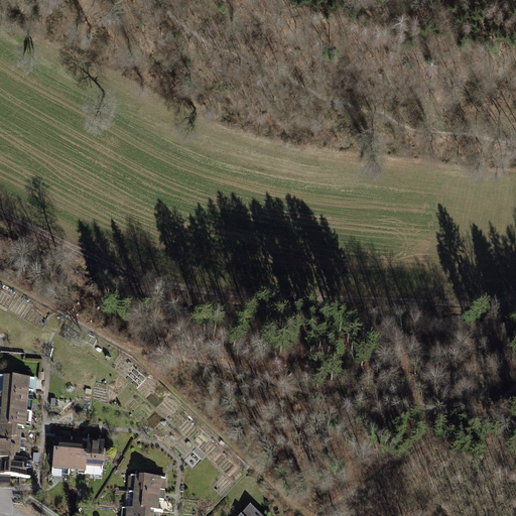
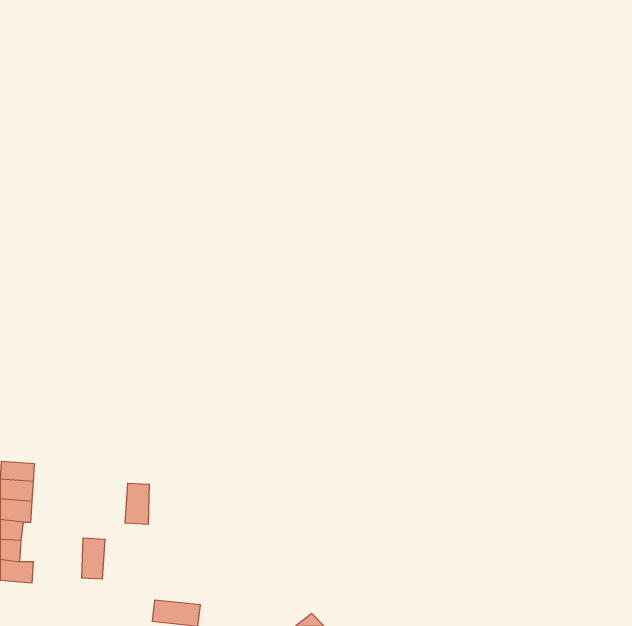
building: [51,437,68,471] -> none
building: [84,439,104,473] -> [125,483,150,524]
building: [126,473,164,493] -> none

